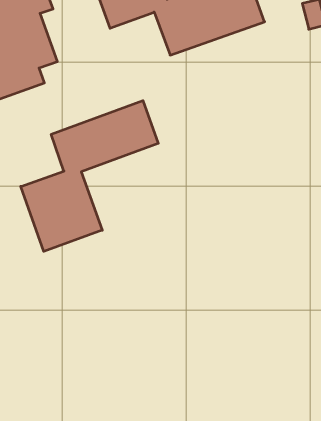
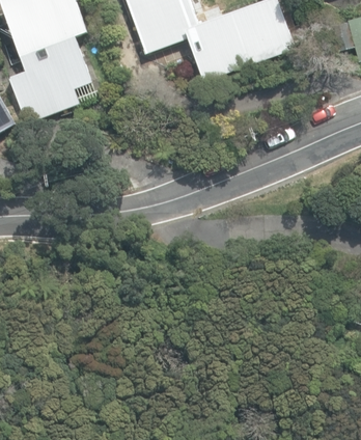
building: [21,101,158,251] -> none

